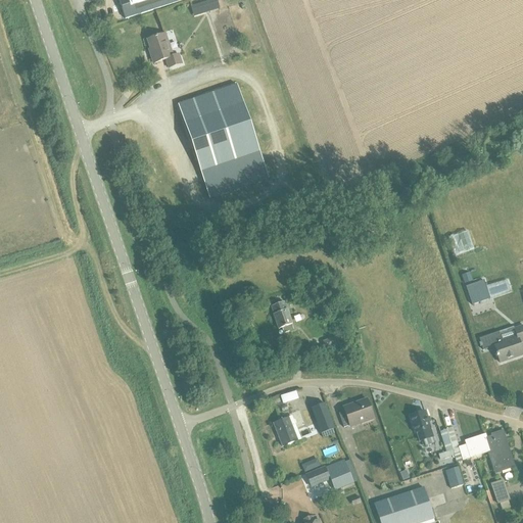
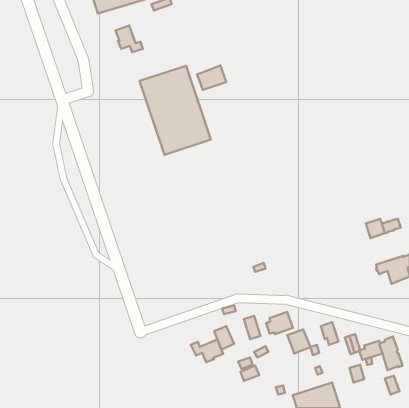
building: none -> [197,66,226,90]
building: [271,300,294,331] -> none
building: none -> [191,340,223,362]
building: [326,459,355,489] -> [287,329,310,353]

